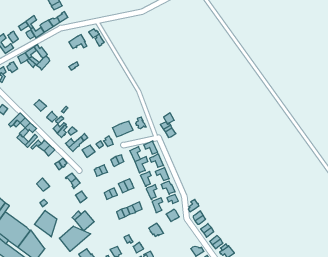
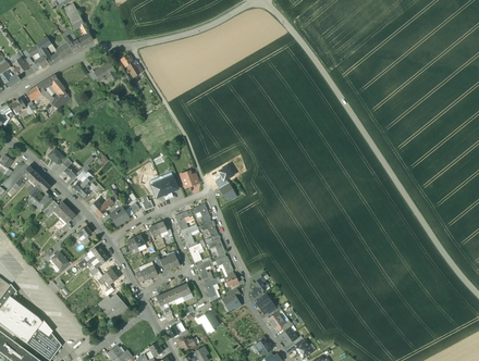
building: [34,210,57,237] -> none
building: [59,226,91,251] -> none

